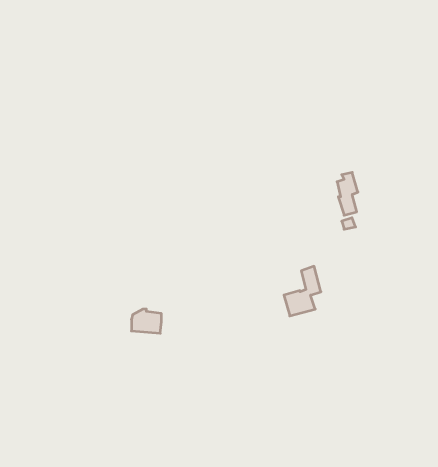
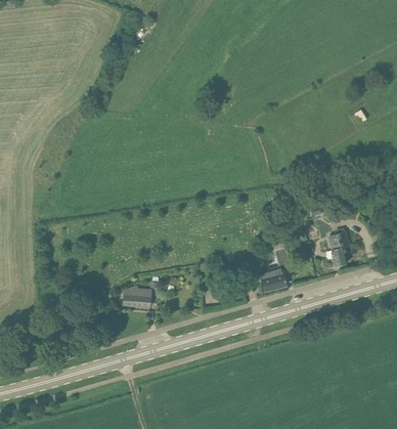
building: [337,172,358,215] -> [329,228,348,266]

